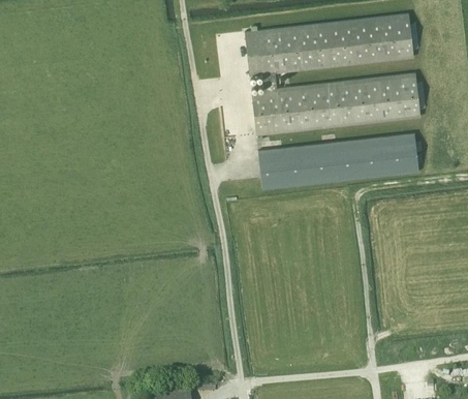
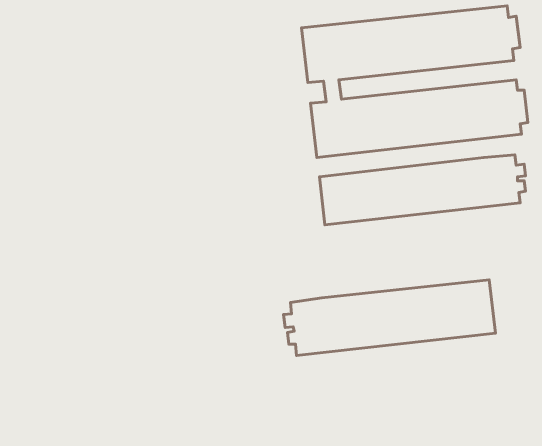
building: none -> [284,280,495,356]

